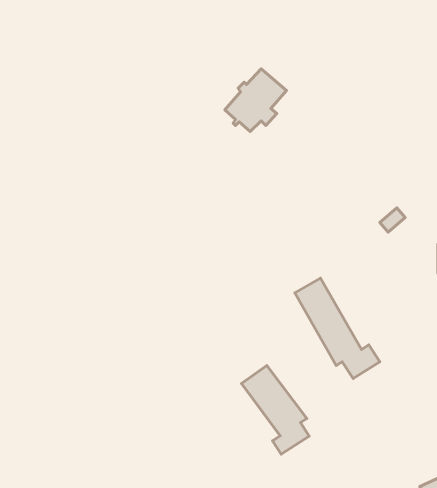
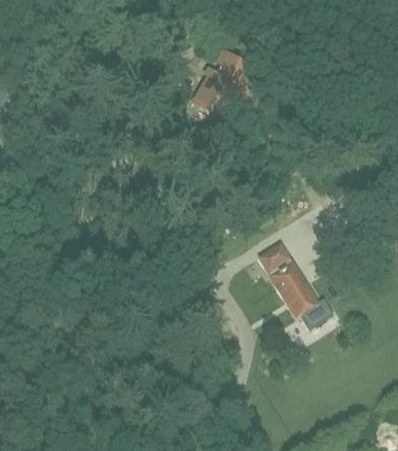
building: [241,366,309,454] -> none

